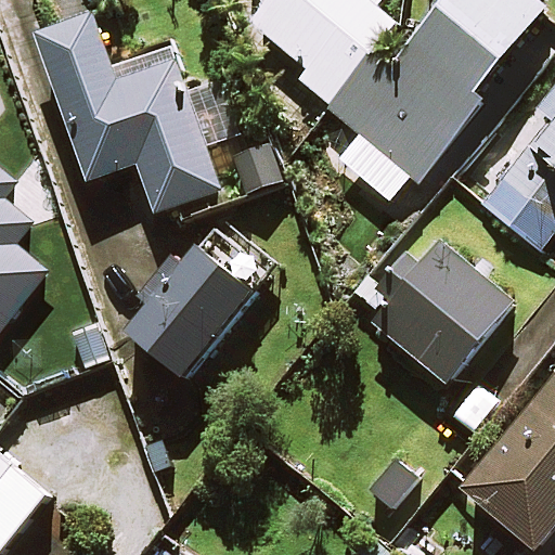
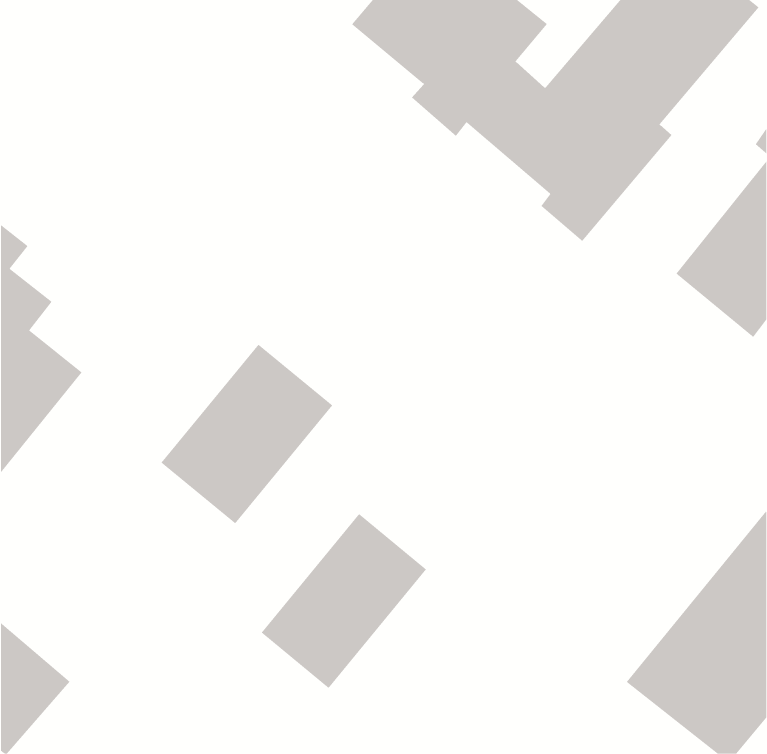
building: [31,15,242,211] -> none
building: [370,245,514,384] -> none
building: none -> [261,513,427,689]

